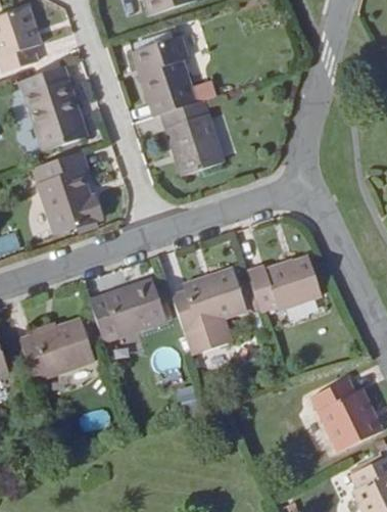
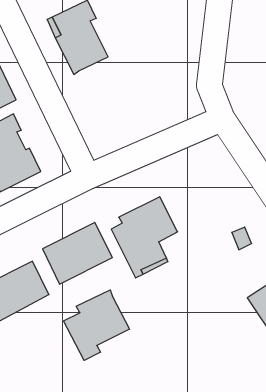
building: [160,99,223,175] -> none
building: [248,262,323,316] -> none
building: none -> [64,290,129,360]

